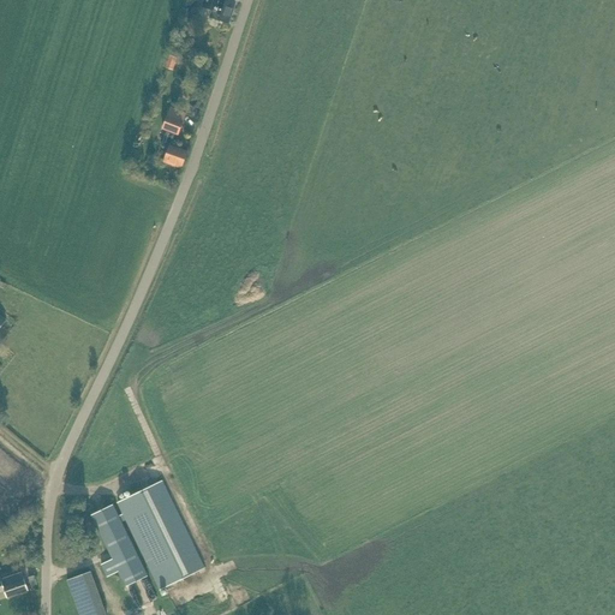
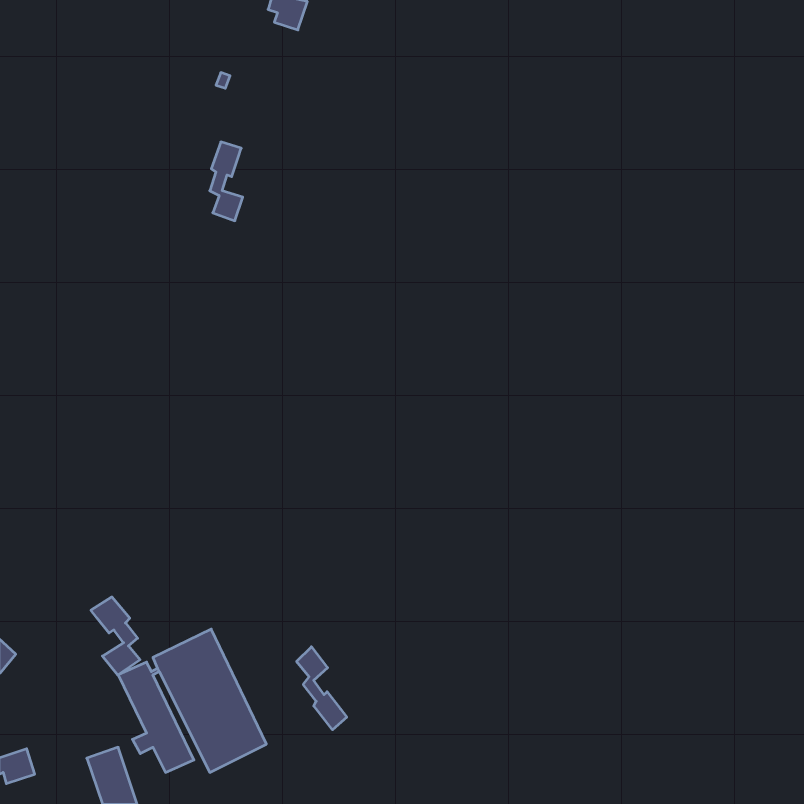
building: none -> [91,597,140,675]
building: none -> [297,647,347,730]

